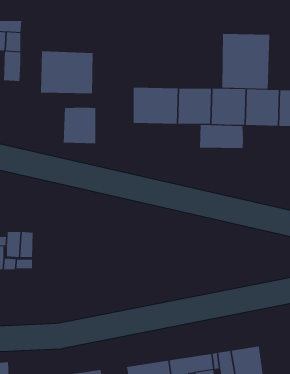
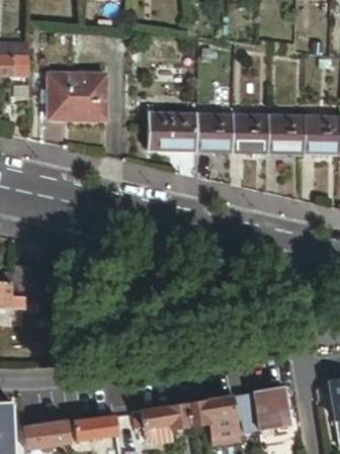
building: [222,33,270,89] -> none
building: [63,107,96,144] -> none
building: [200,124,244,149] -> none

